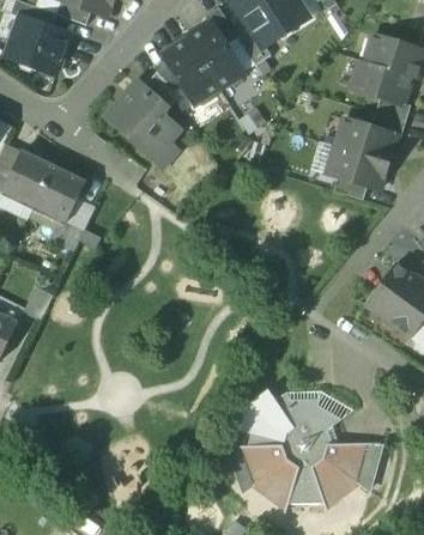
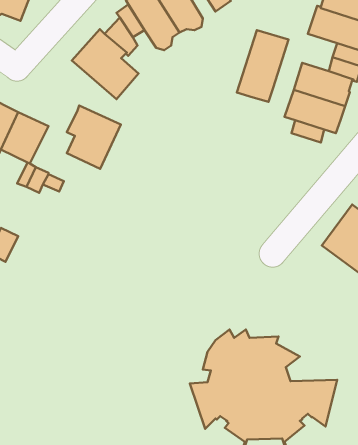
building: none -> [237,30,288,102]
building: none -> [67,105,121,169]

